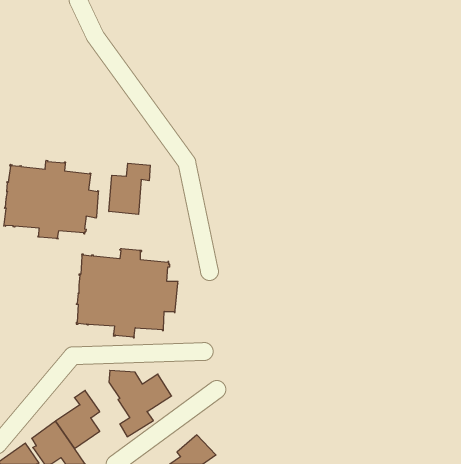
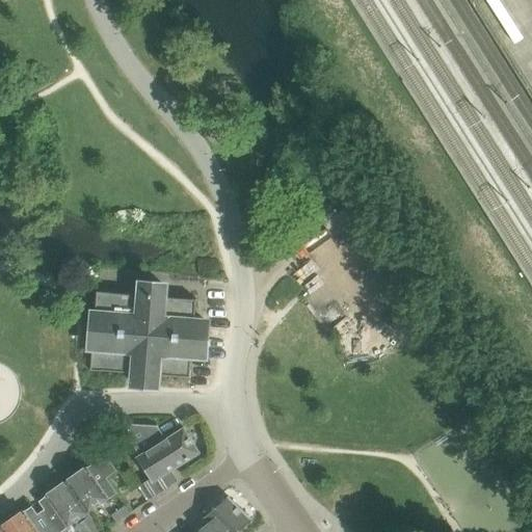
building: [4,160,99,239] -> none
building: [109,163,150,214] -> none

